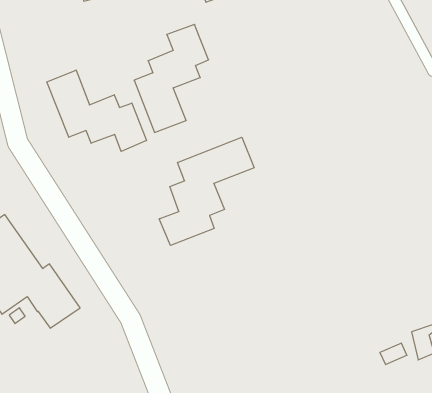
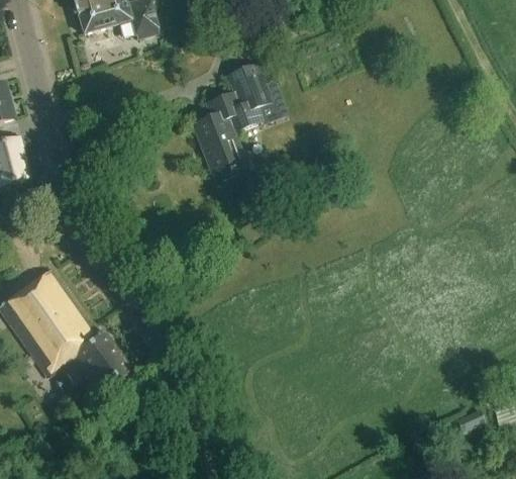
building: [47,70,146,151] -> none
building: [159,137,254,245] -> none

